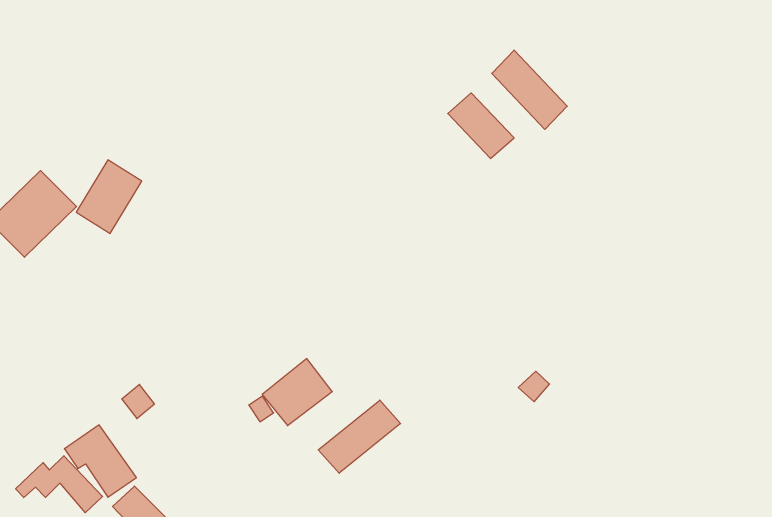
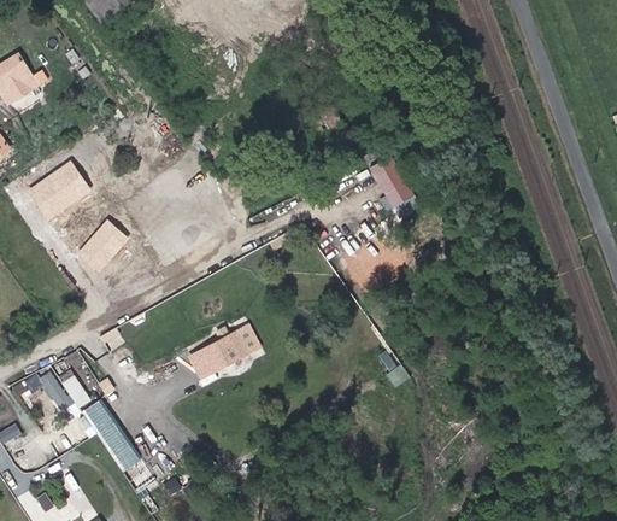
building: [492,50,567,129] -> none
building: [76,160,142,233] -> [77,219,128,273]
building: [318,400,401,473] -> none

